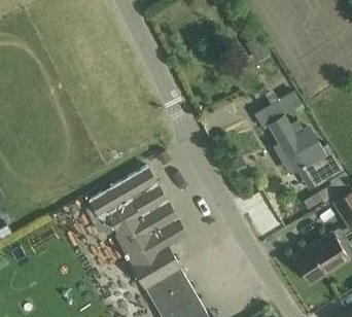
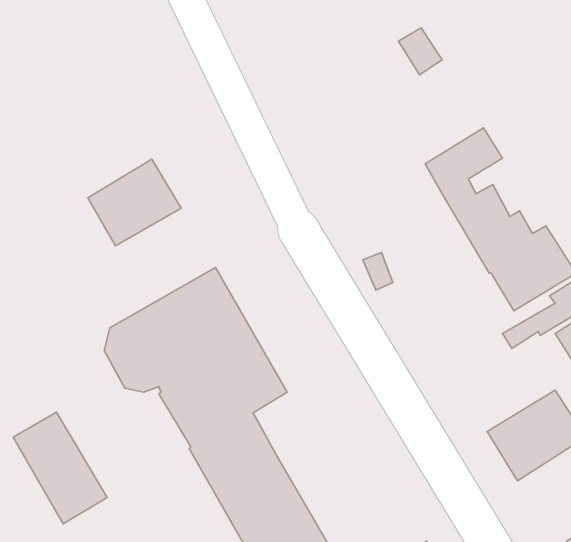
building: none -> [88,159,181,246]
building: none -> [13,412,107,524]

